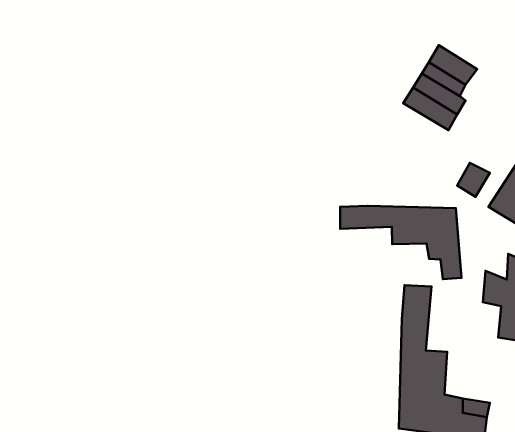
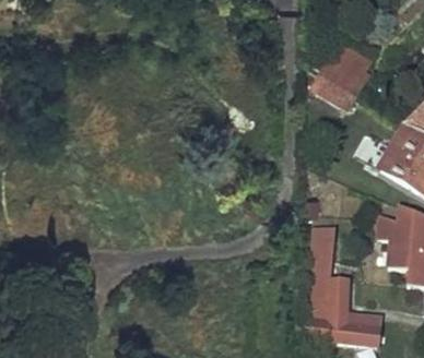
building: [340,206,461,279] -> none

